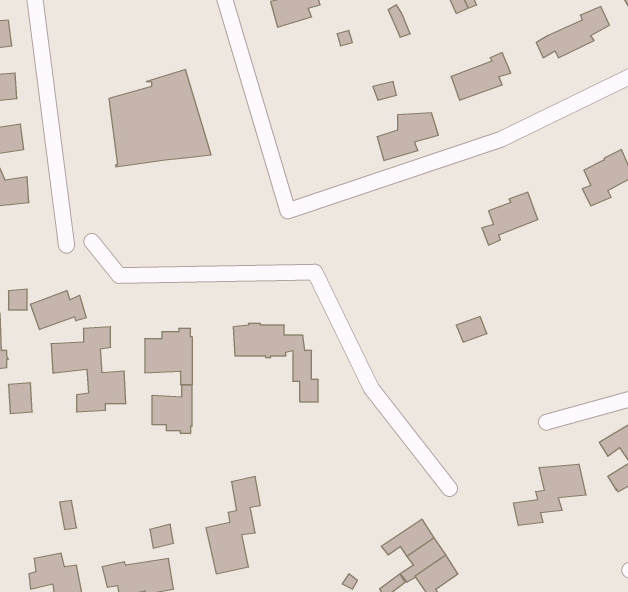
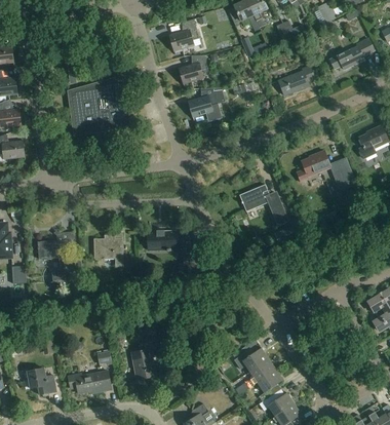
building: none -> [179,54,208,83]
building: [377,113,438,161] -> [188,87,225,116]
building: none -> [329,157,356,191]
building: none -> [239,184,286,224]
building: [31,290,86,330] -> none
building: [152,385,192,434] -> none
building: [513,464,586,526] -> none

